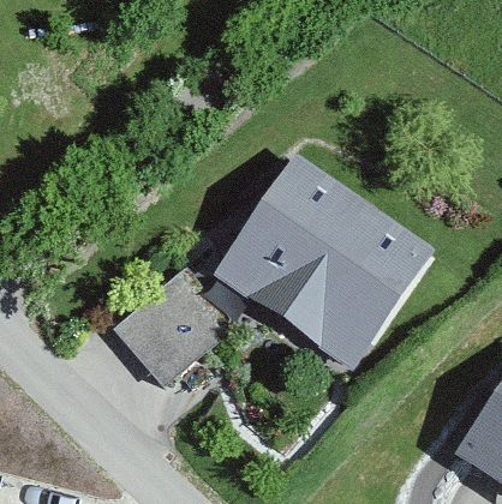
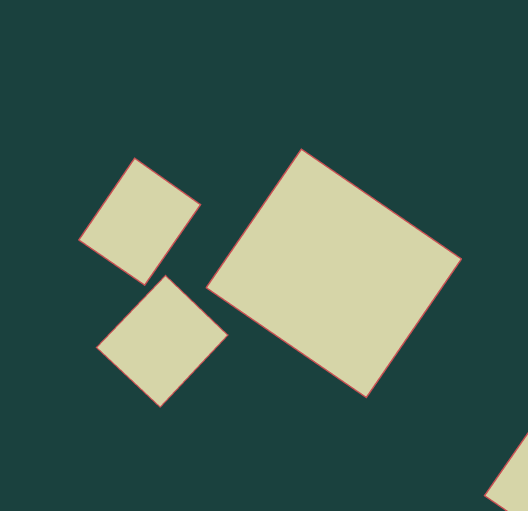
building: none -> [79,158,201,285]

